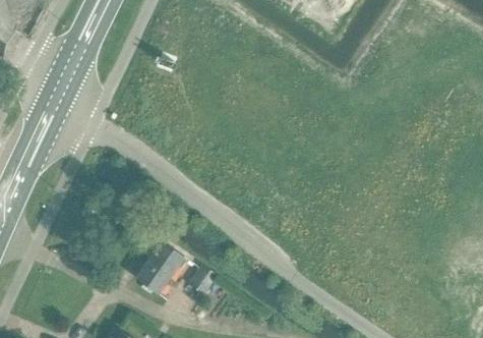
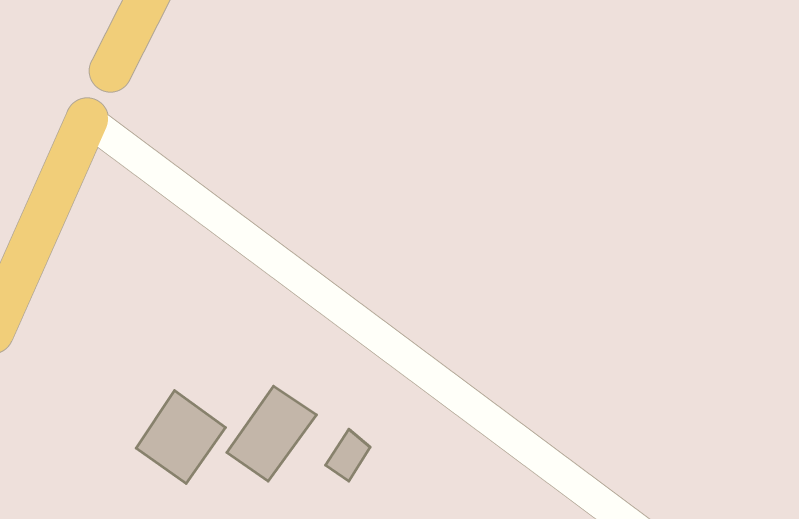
building: none -> [136,391,225,483]

